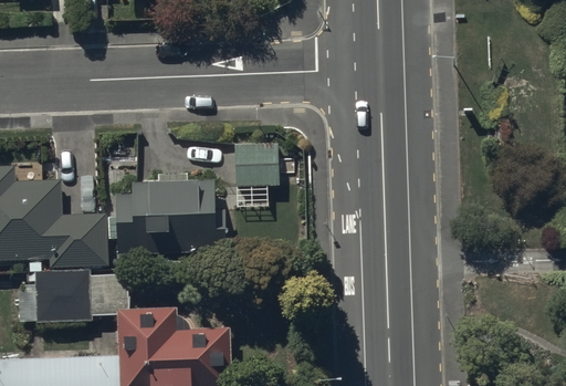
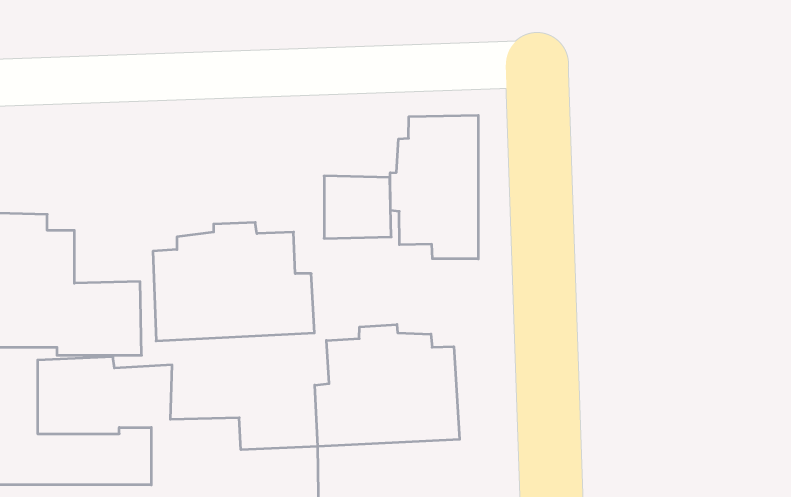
building: none -> [390,115,478,259]
building: none -> [315,324,460,447]

